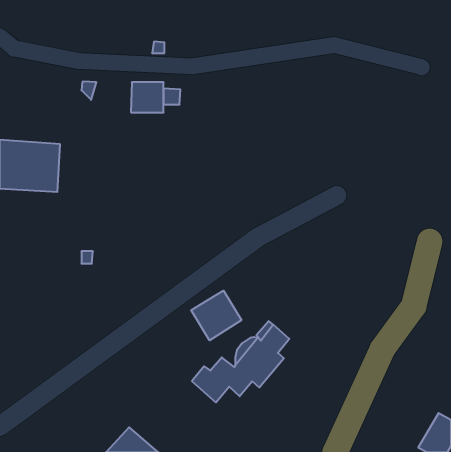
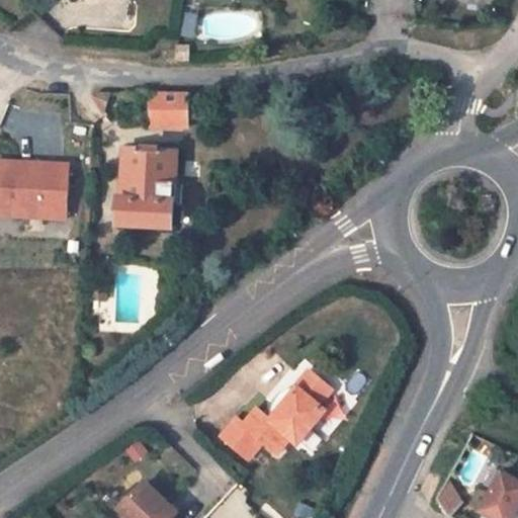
building: none -> [120,152,176,230]
building: [191,291,241,340] -> none

